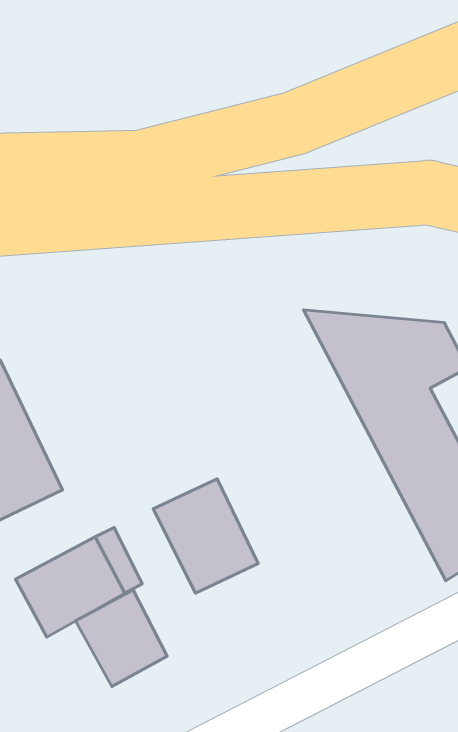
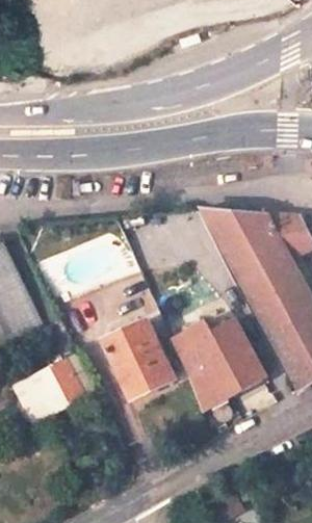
building: none -> [172,316,266,408]
building: [76,590,167,687] -> none

